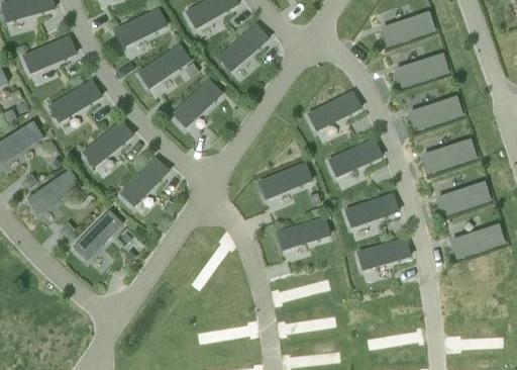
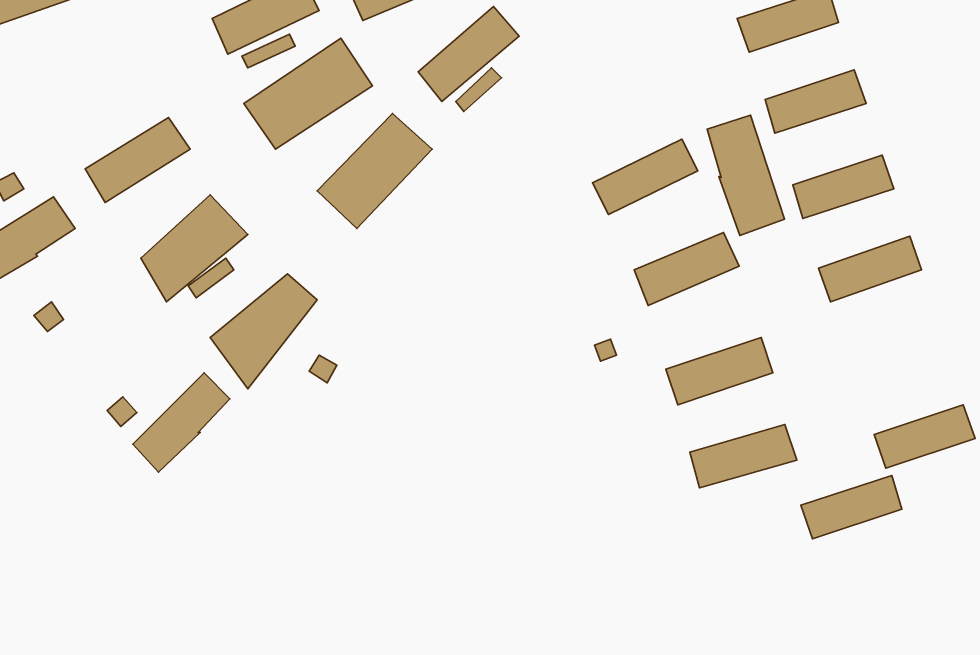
building: [19,33,79,80] -> none
building: none -> [707,115,784,235]
building: [258,162,313,198] -> none
building: [28,169,82,214] -> none
building: [437,184,489,216] -> [801,476,902,539]
building: [277,216,331,249] -> none

